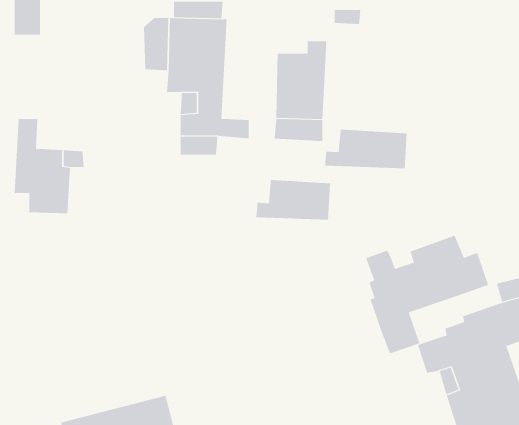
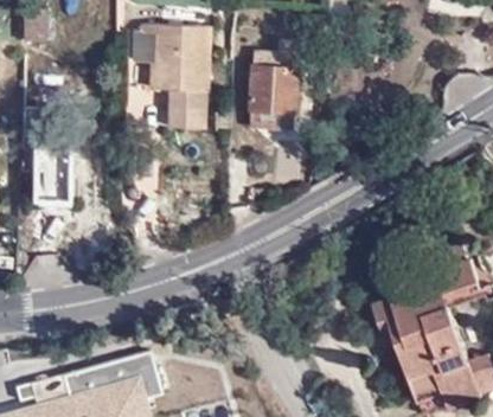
building: [324,129,407,169] -> none
building: [256,179,331,221] -> none
building: [366,235,489,354] -> none

